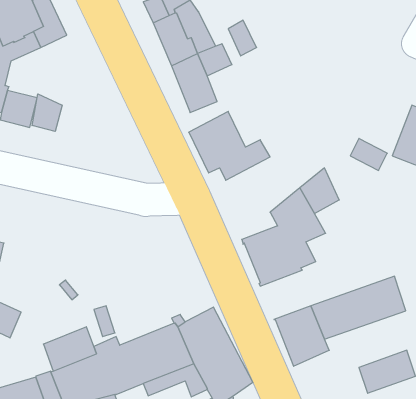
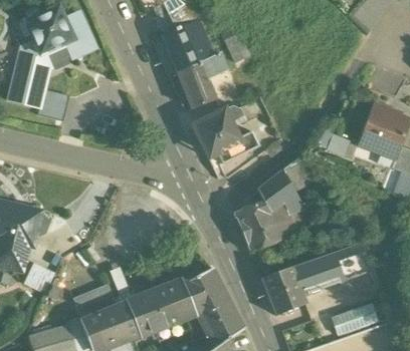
building: [32,94,62,131] -> none

